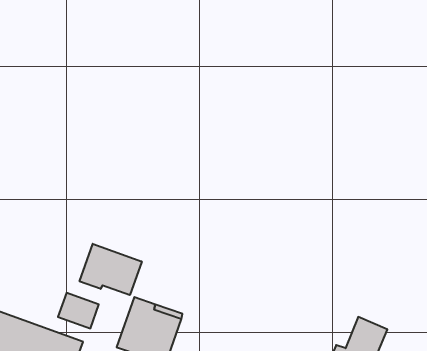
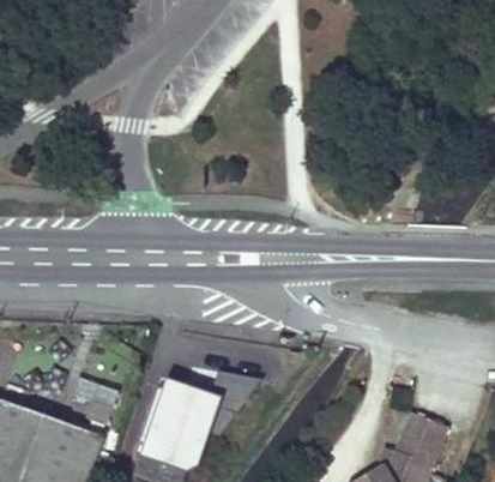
building: [80,244,142,295] -> none

